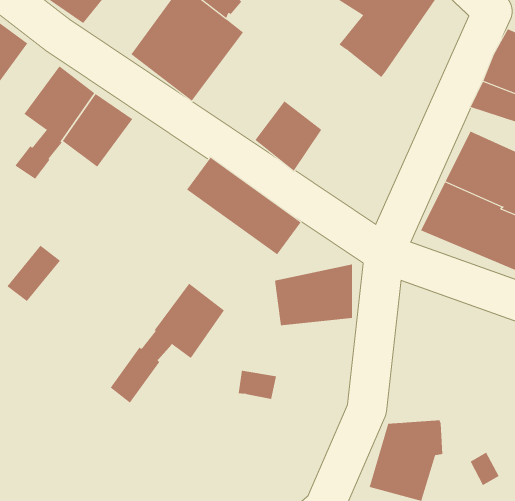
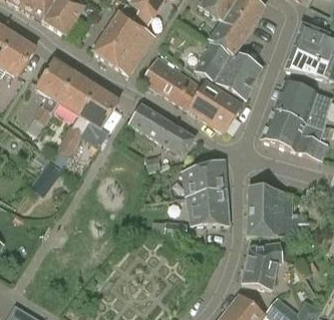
building: none -> [196,40,262,99]
building: none -> [142,55,181,93]
building: none -> [189,82,242,132]
building: [110,283,225,403] -> [57,86,118,155]
building: none -> [248,186,298,235]
building: none -> [187,189,230,224]

